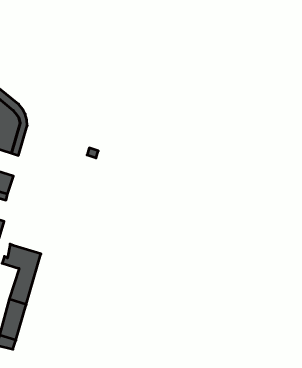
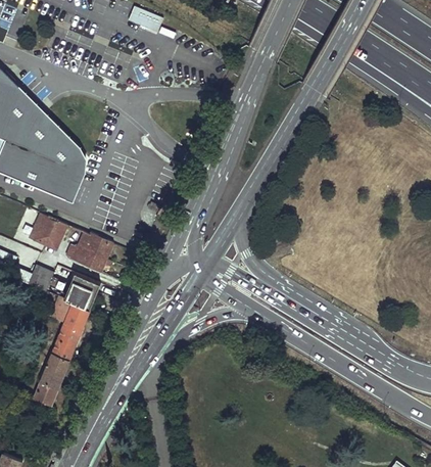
building: none -> [65,231,111,272]
building: none -> [61,272,99,309]

